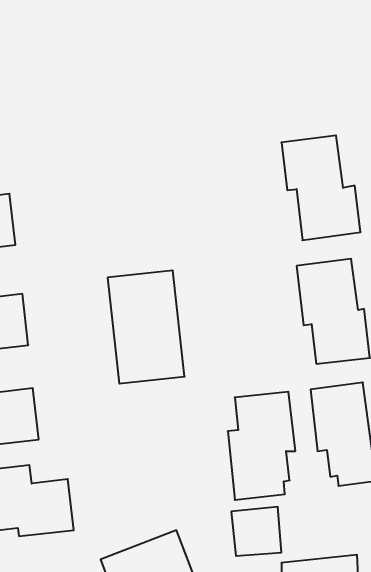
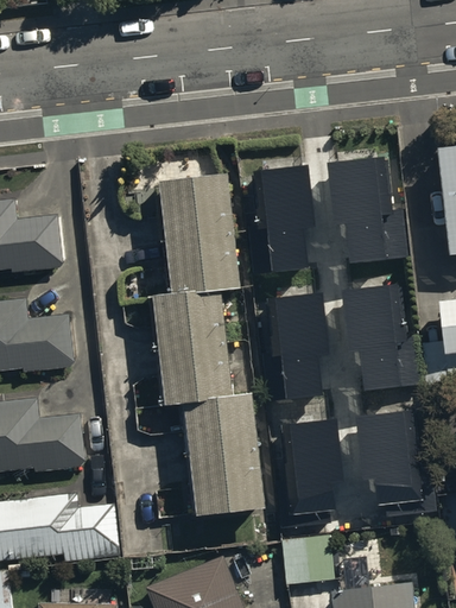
building: none -> [255,164,317,270]
building: none -> [160,178,240,296]
building: none -> [271,291,330,395]
building: none -> [185,401,264,521]

